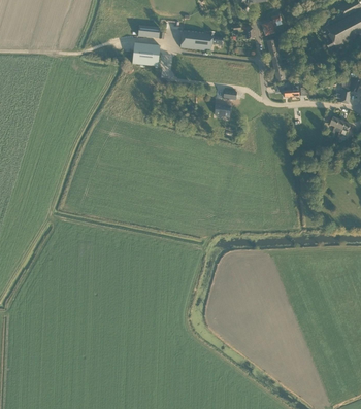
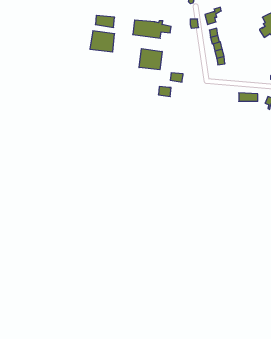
building: none -> [139,49,162,70]

